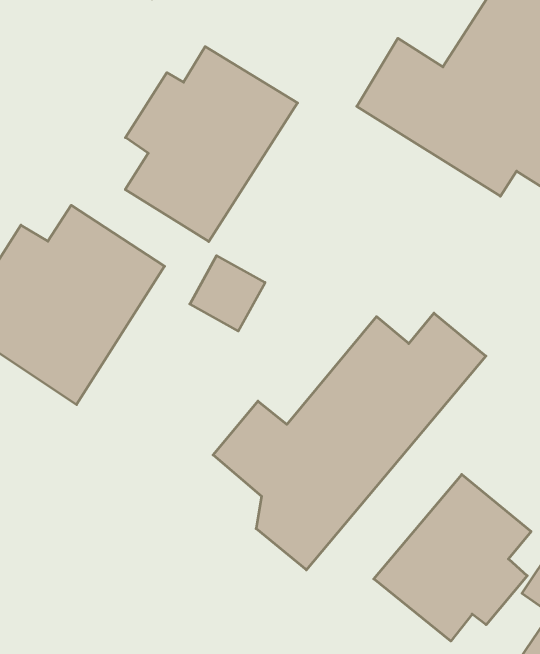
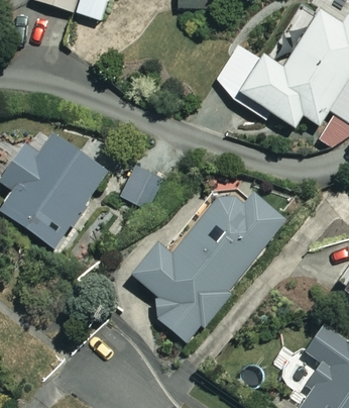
building: [125,47,298,242] -> none
building: [374,474,531,641] -> none

